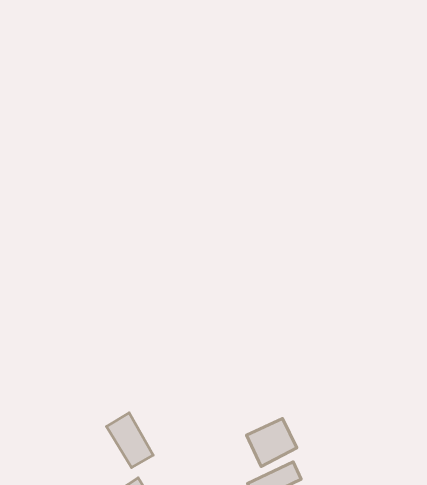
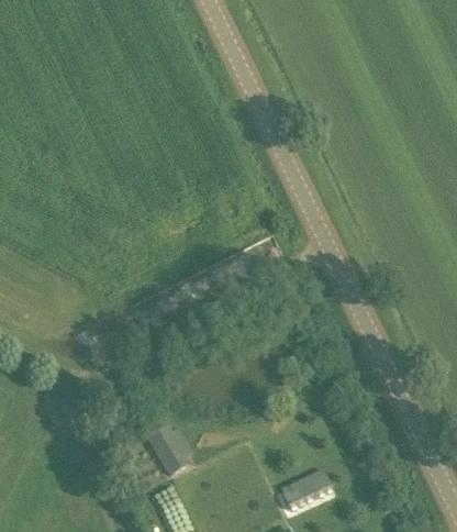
building: [247,419,297,466] -> none

